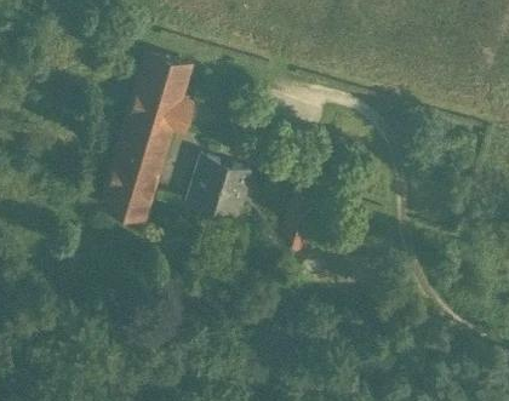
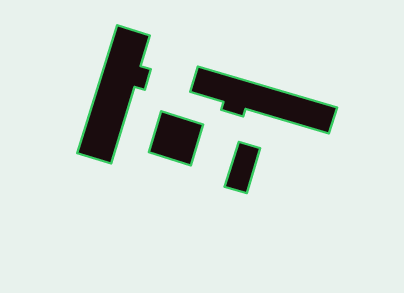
building: none -> [190,66,337,134]

